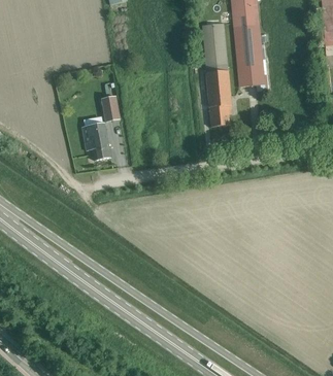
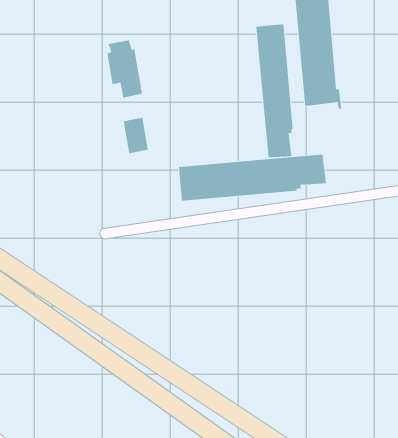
building: [82,115,110,160] -> [106,40,143,98]
building: none -> [178,154,326,202]

